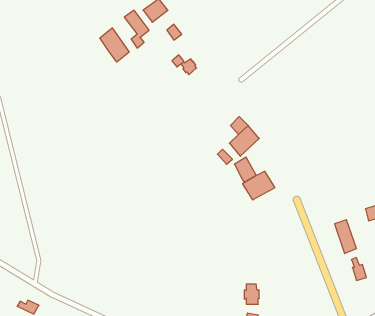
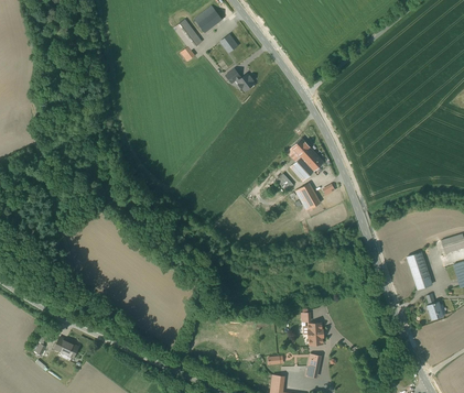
building: [100,28,129,62] -> none
building: [243,171,275,200] -> none

